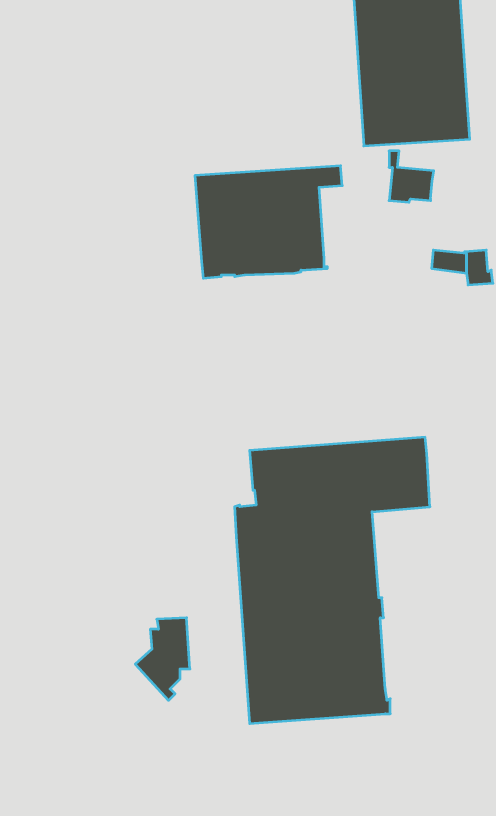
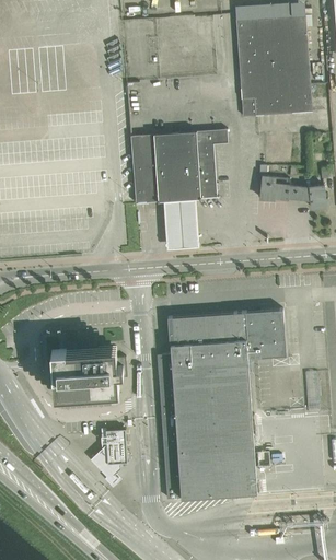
building: [389,151,434,202] -> [260,165,290,199]
building: none -> [164,200,199,252]
building: none -> [51,345,128,396]

